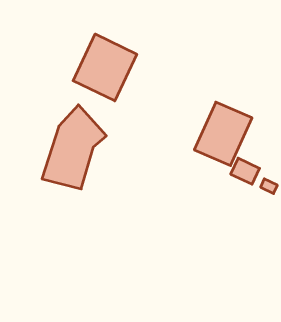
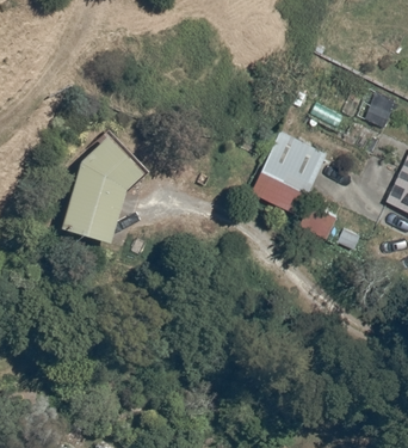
building: [73,34,137,101] -> none

